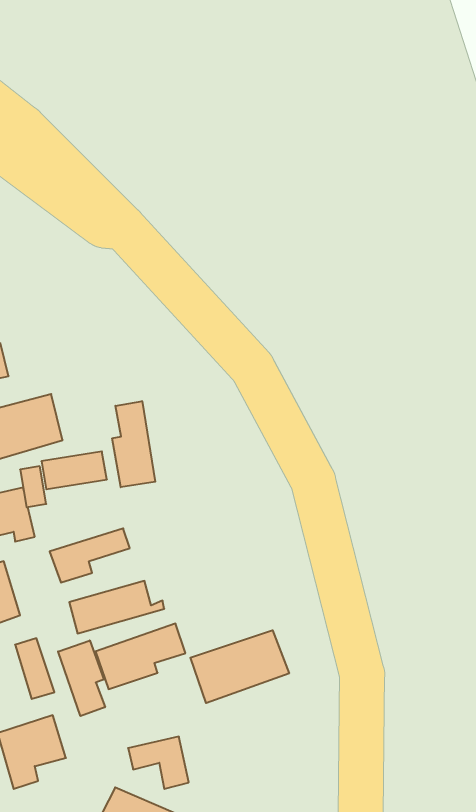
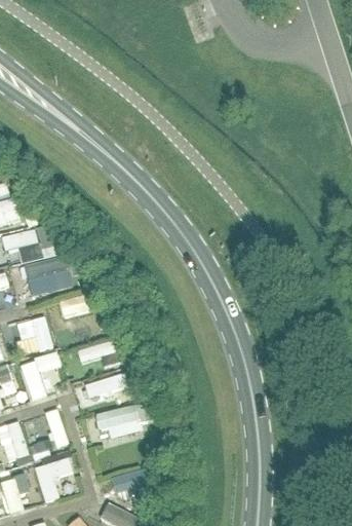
building: [112,401,155,487] -> none
building: [190,630,289,703] -> none
building: [58,640,105,716] -> none

